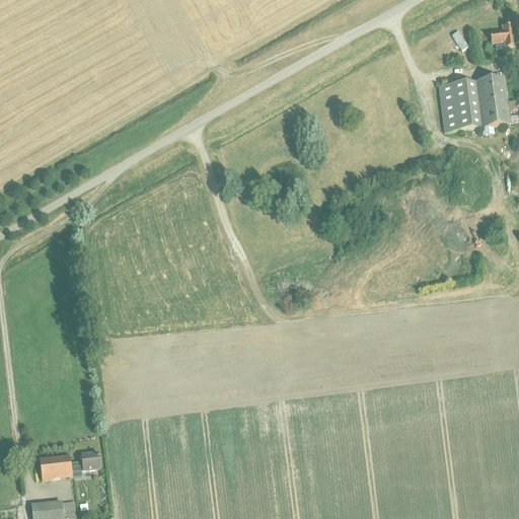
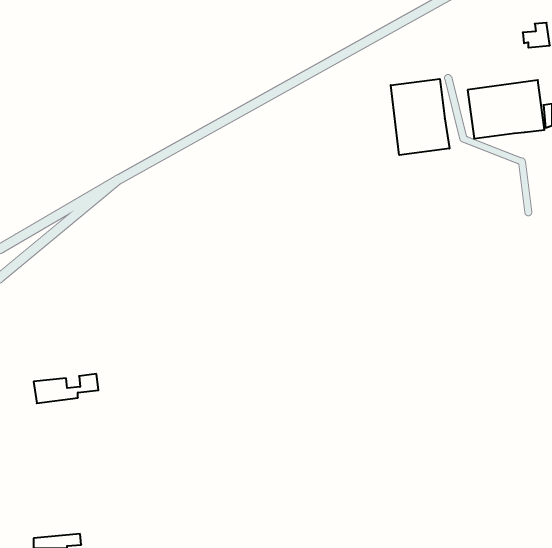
building: none -> [391,79,449,155]
building: [39,451,99,478] -> [34,374,98,403]

